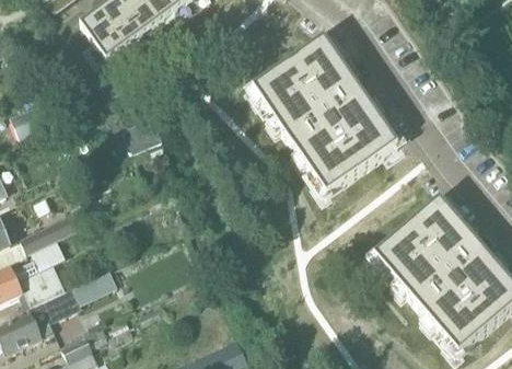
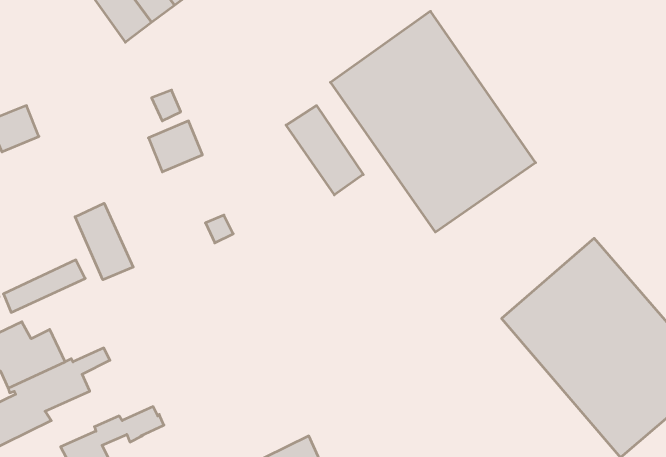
building: none -> [286,106,363,195]
building: none -> [75,203,133,280]

